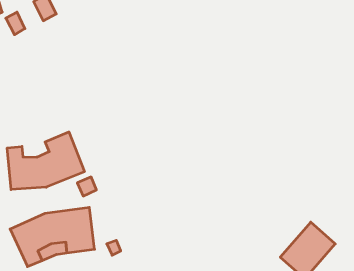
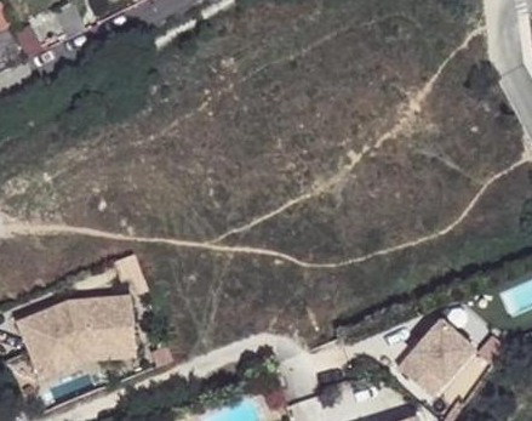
building: [7,132,84,190] -> none

